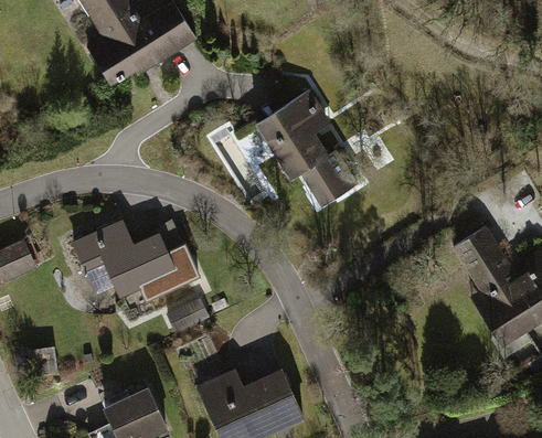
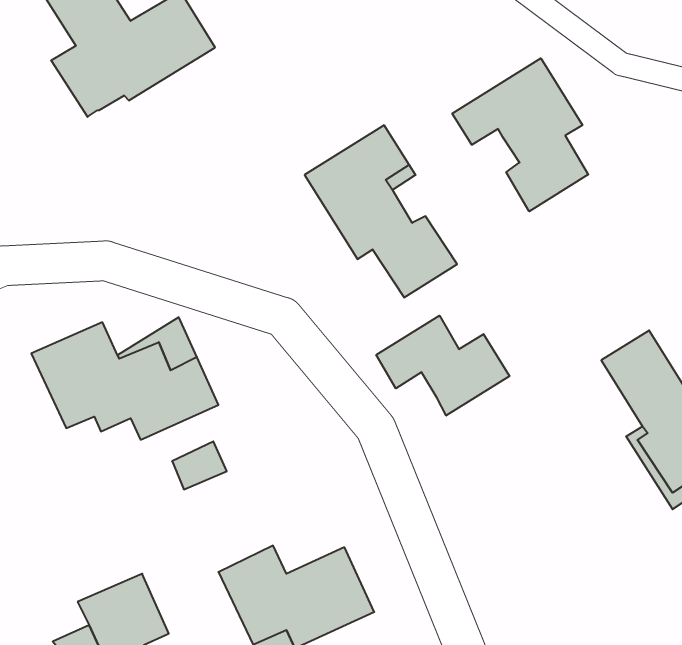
building: none -> [452,58,588,211]
building: none -> [376,316,509,416]

